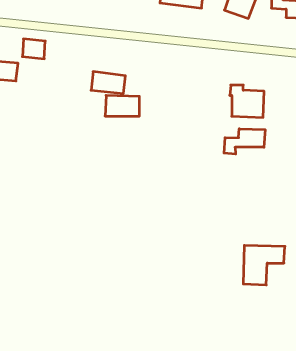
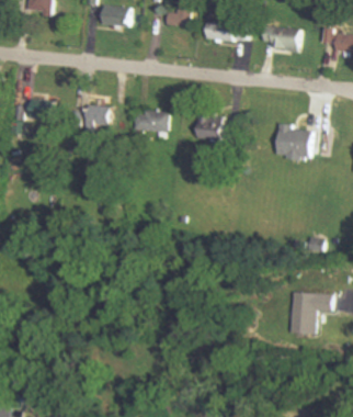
building: [22,39,45,59] -> [87,105,111,126]
building: [105,95,139,116] -> [195,117,231,139]
building: [224,129,265,154] -> none

